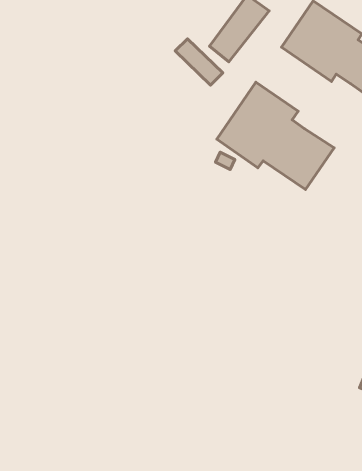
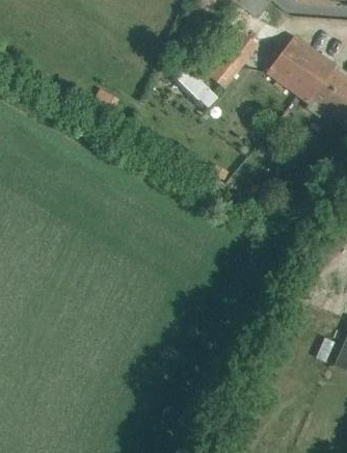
building: [217,82,334,190] -> none

